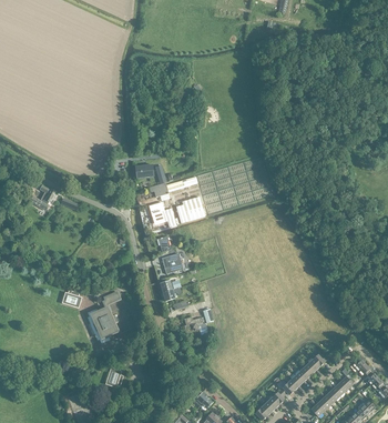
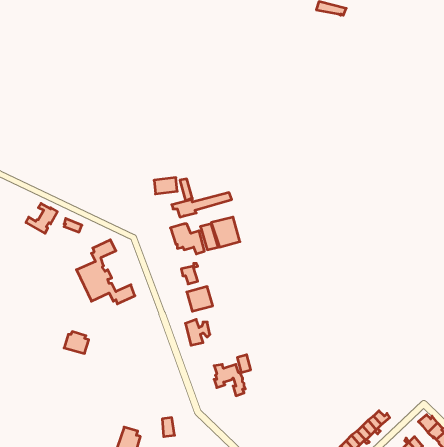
building: [89,290,136,342] -> [76,240,135,304]

